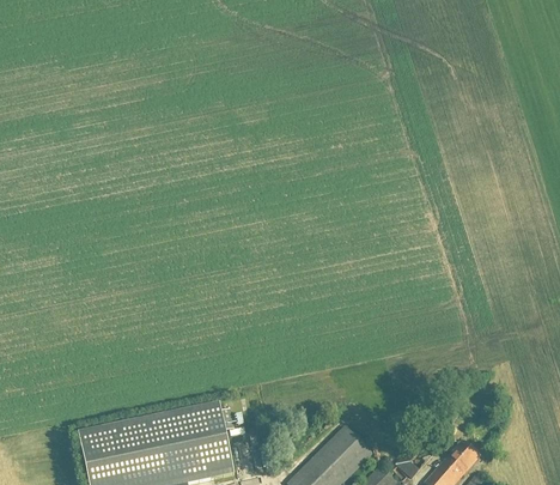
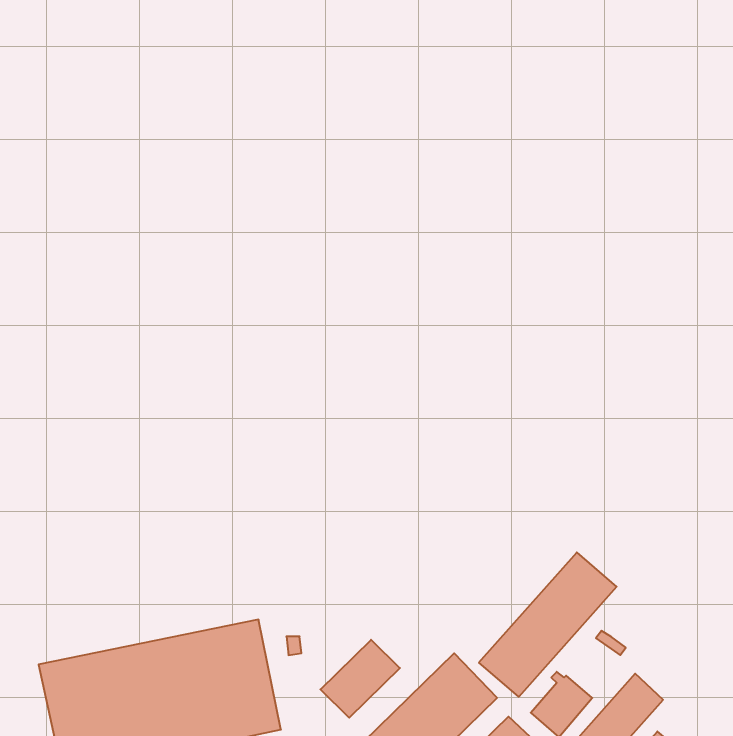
building: none -> [479,552,617,697]
building: none -> [320,640,400,718]

